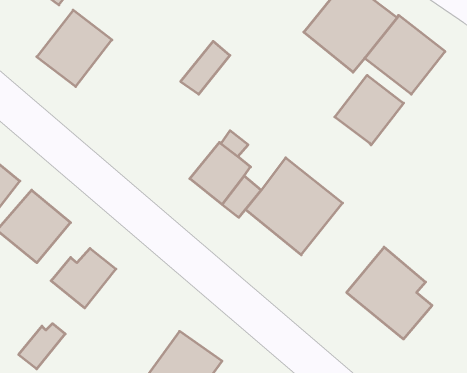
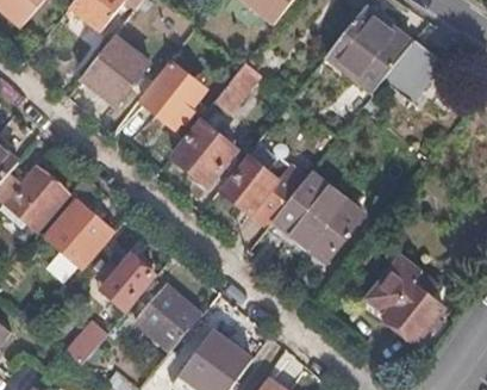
building: none -> [142,63,205,126]
building: [335,75,404,145] -> none
building: none -> [174,123,236,185]
building: none -> [135,286,200,352]

